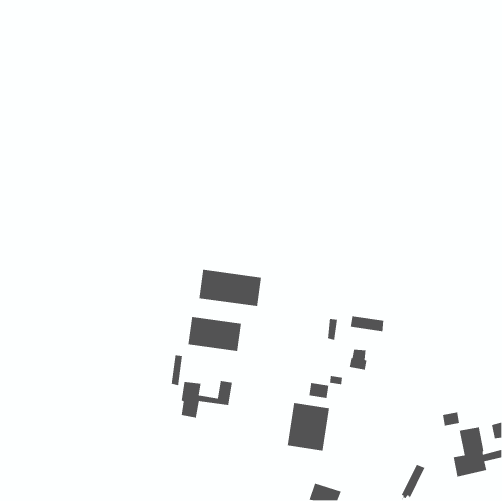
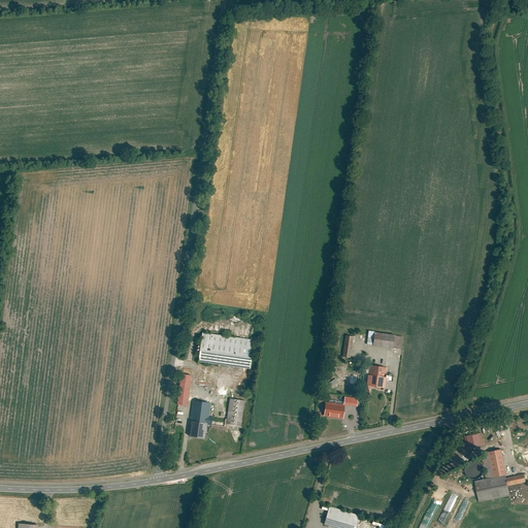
building: [198,269,262,307] -> none
building: [287,402,330,452] -> none

